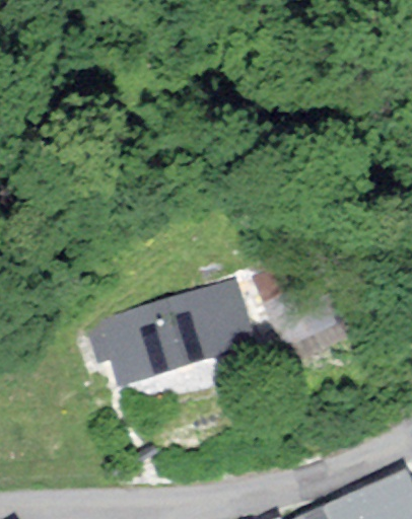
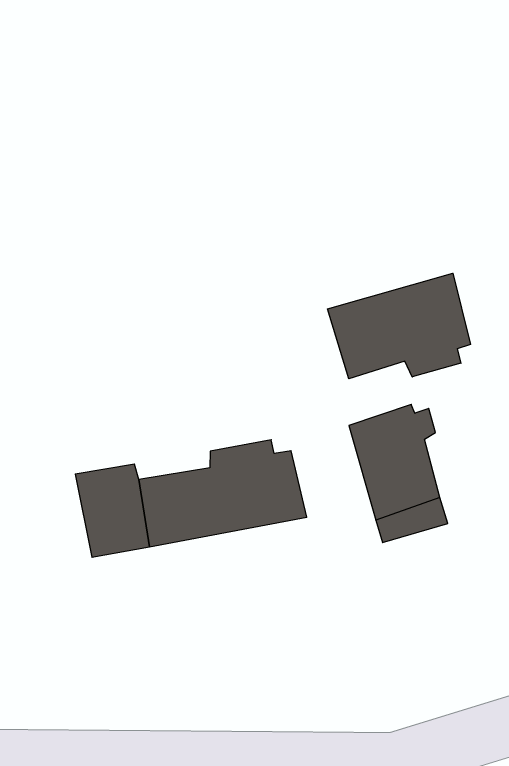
building: none -> [327,273,470,379]

